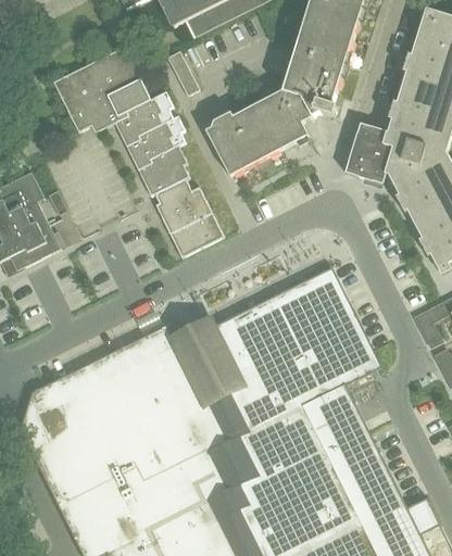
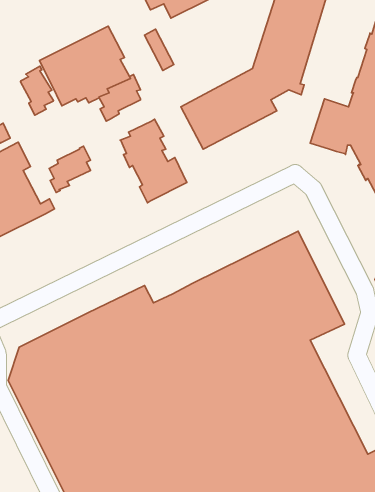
building: none -> [20,66,54,115]
building: [129,122,174,172] -> [49,146,91,193]
building: [173,214,223,256] -> none

